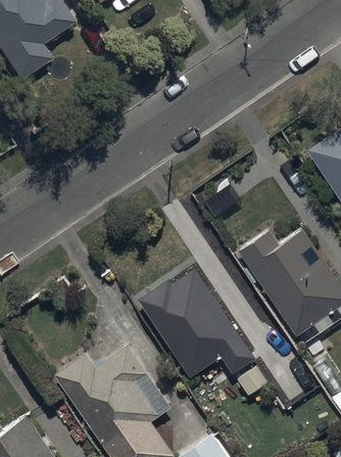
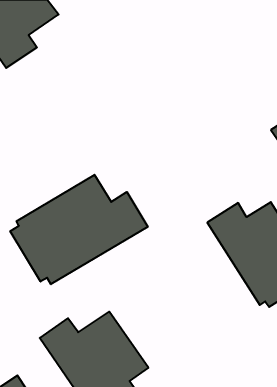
building: none -> [10,175,148,284]
building: [138,268,256,378] -> none

